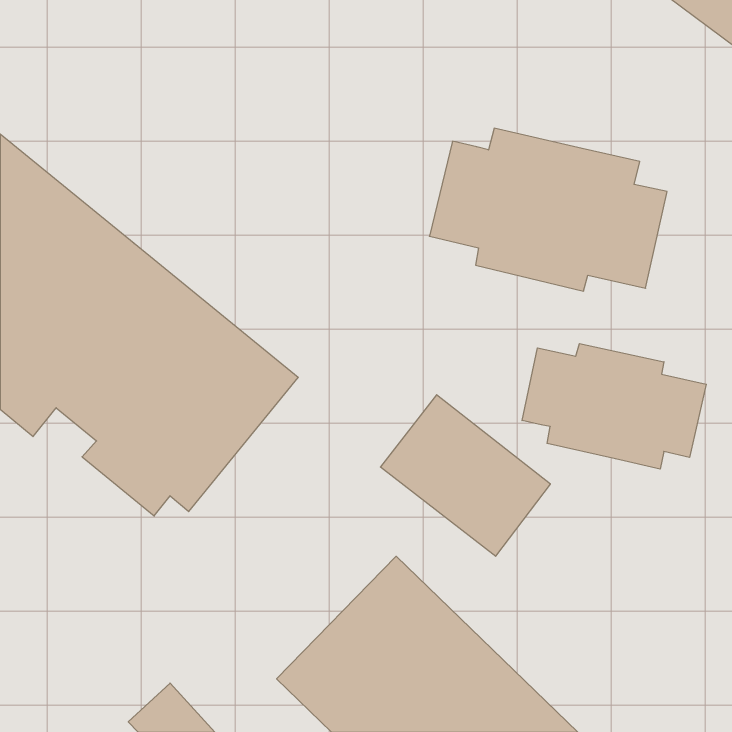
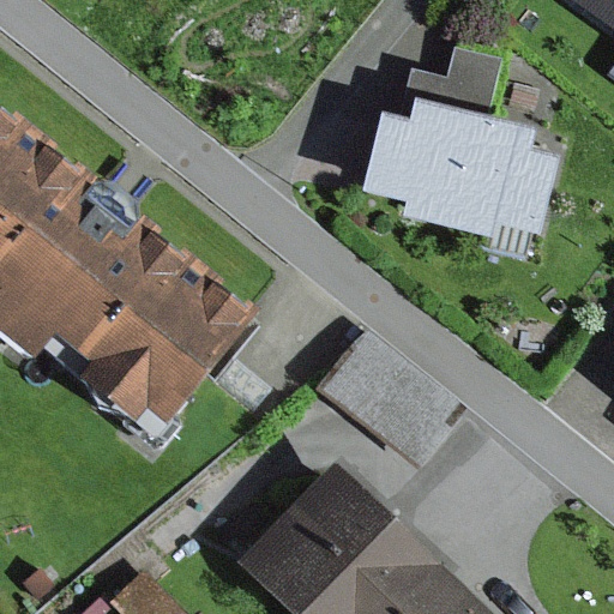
building: none -> [401,47,505,125]
building: [522,344,706,469] -> none

